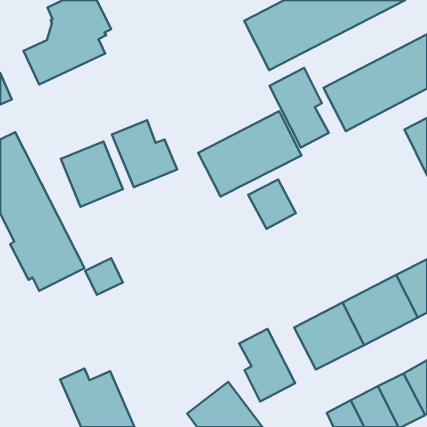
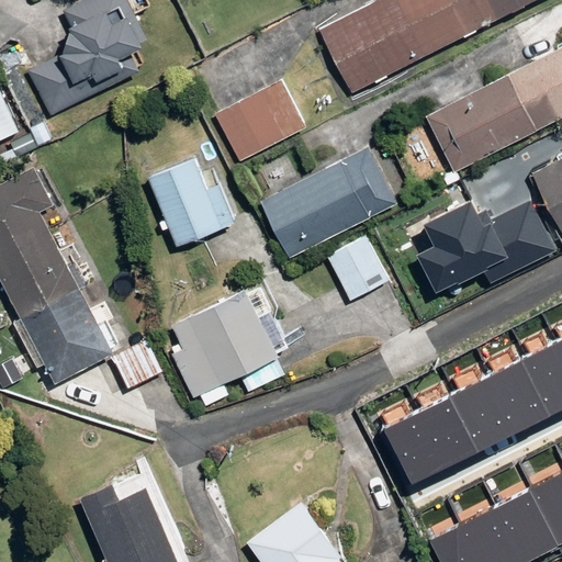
building: none -> [215,79,305,159]
building: [270,68,329,147] -> none
building: [61,142,123,207] -> none
building: none -> [419,200,557,294]
building: none -> [171,290,277,397]
building: [239,329,295,401] -> none

